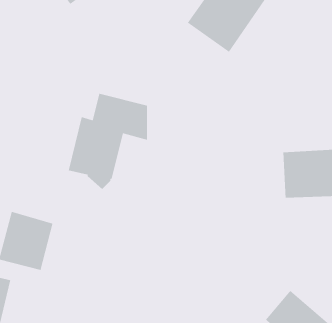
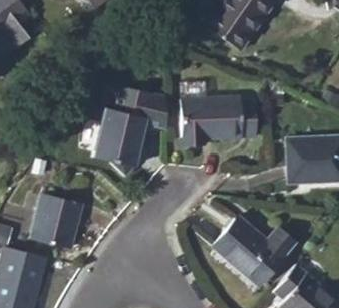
building: none -> [181,97,255,146]
building: none -> [211,216,295,285]

